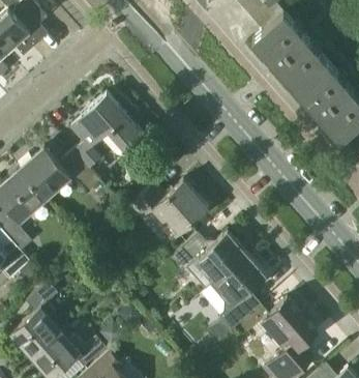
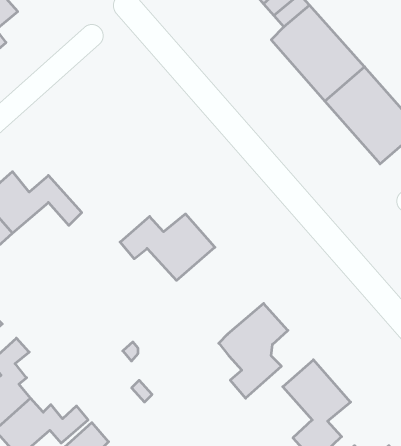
building: [69,93,142,169] -> none
building: [155,233,246,280] -> none

